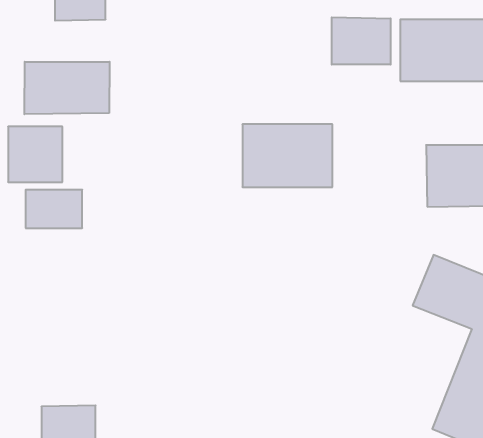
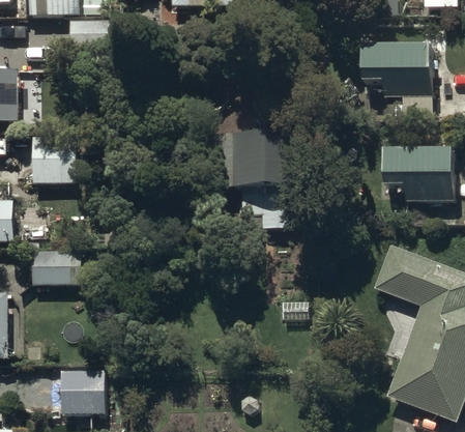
building: [332,17,391,65] -> none
building: [24,62,110,114] -> none
building: [26,190,82,228] -> [31,251,79,283]

